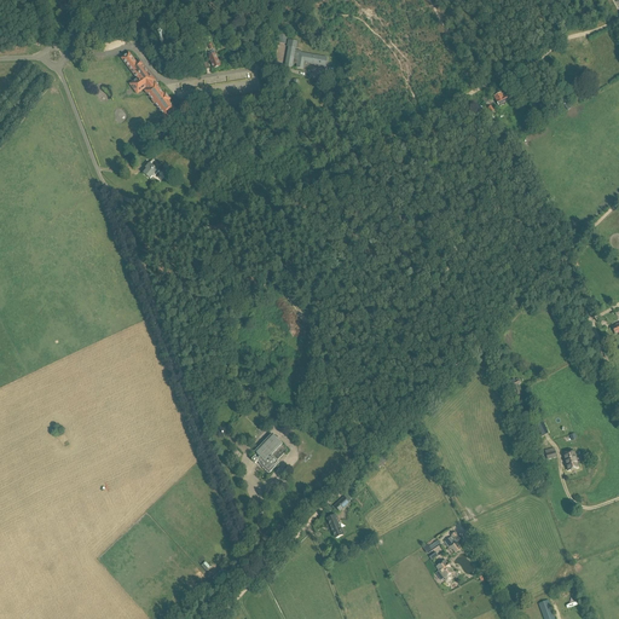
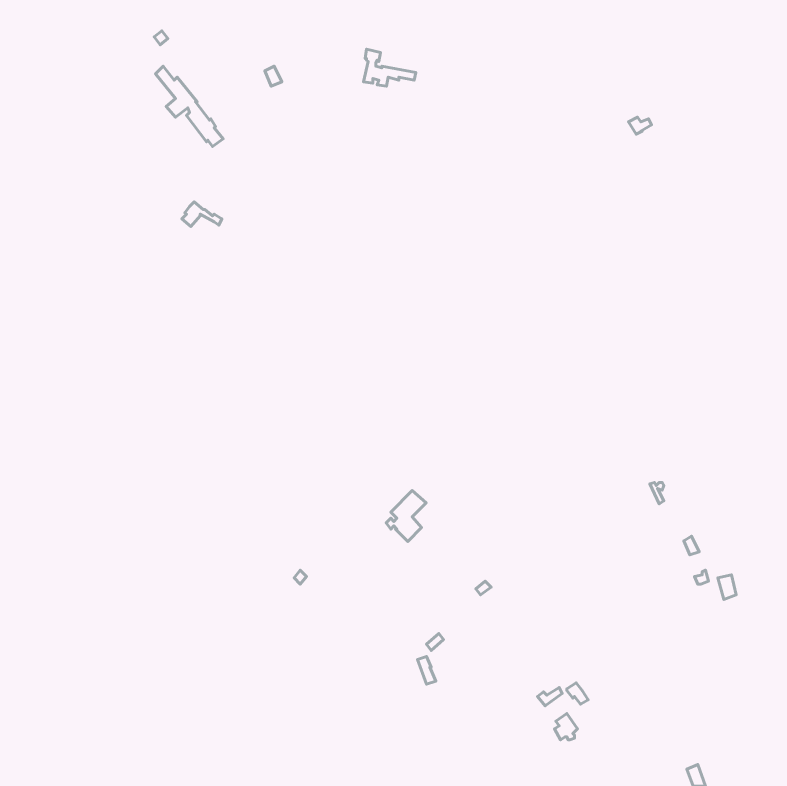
building: [251,433,283,473] -> [386,491,426,541]

